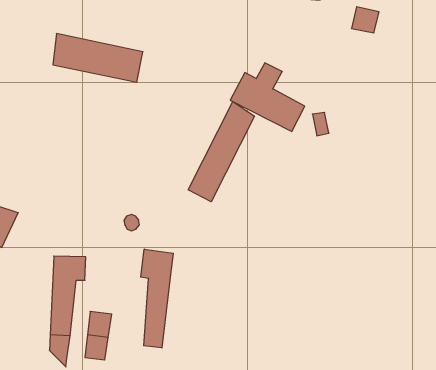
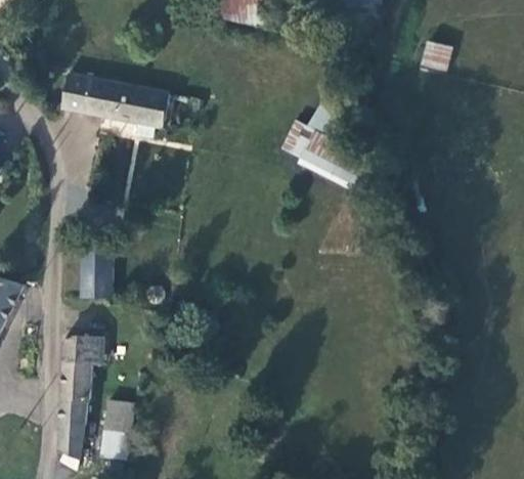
building: [188,101,254,202] -> none
building: none -> [83,249,112,298]
building: [141,249,173,348] -> none

